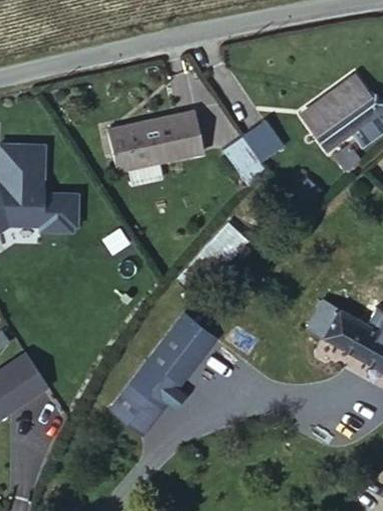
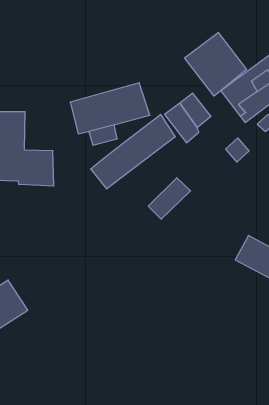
building: none -> [185,32,247,96]
building: none -> [91,114,175,189]
building: [111,311,222,436] -> none

